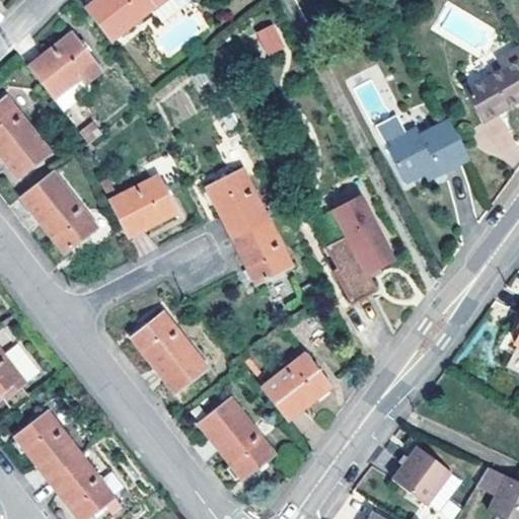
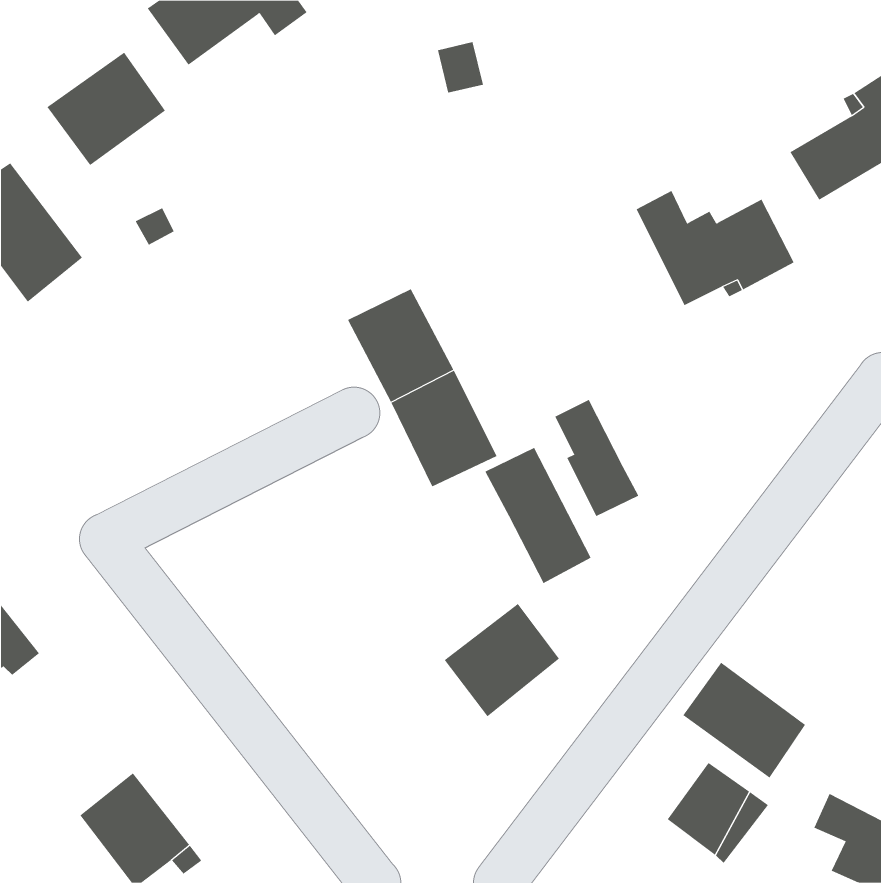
building: [20,170,96,252] -> none
building: [107,175,175,237] -> none
building: [332,194,395,274] -> [484,447,592,584]
building: [131,311,207,393] -> none
building: none -> [683,662,806,778]
building: [198,398,275,479] -> none
building: [14,411,79,478] -> none

